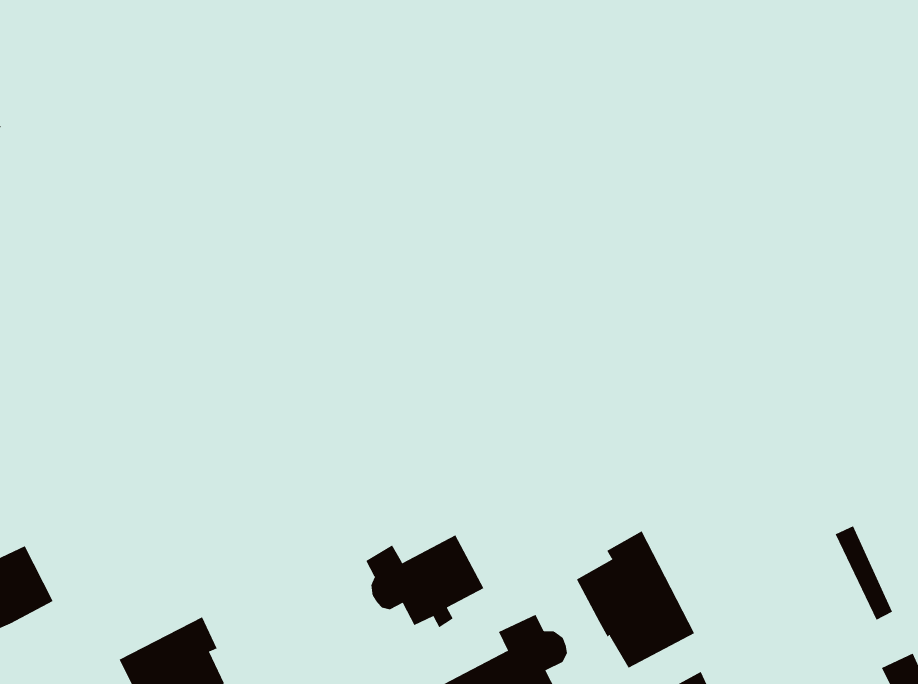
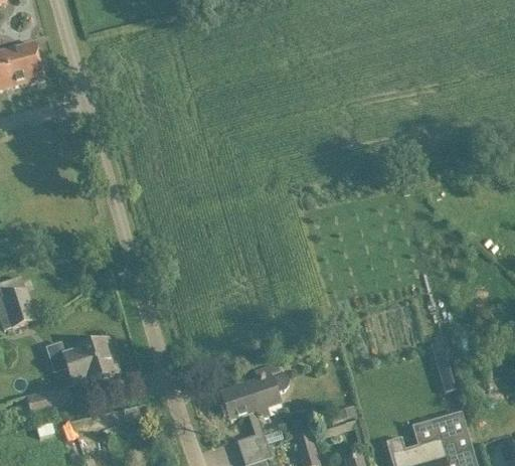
building: [576,531,695,668] -> none
building: [365,534,484,628] -> none

